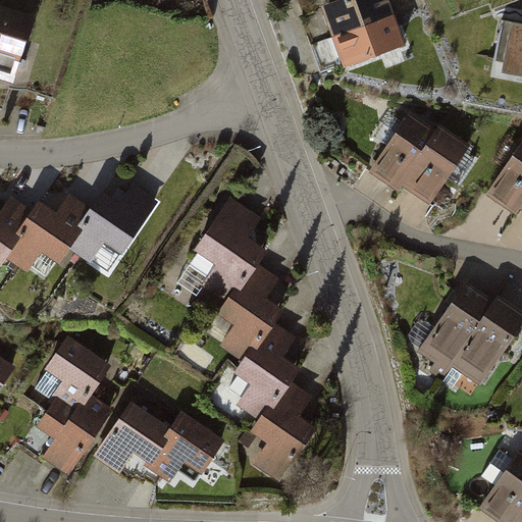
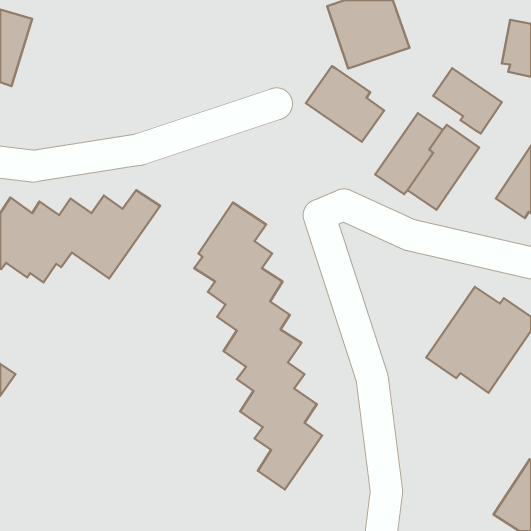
building: none -> [306,66,384,142]
building: none -> [433,68,502,134]
building: [34,338,113,475] -> none
building: [93,404,224,487] -> none

